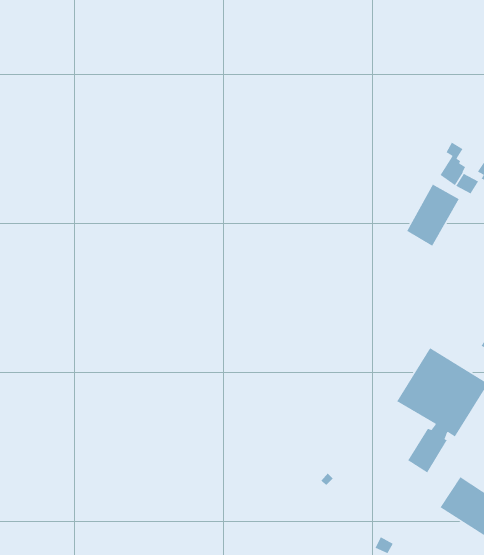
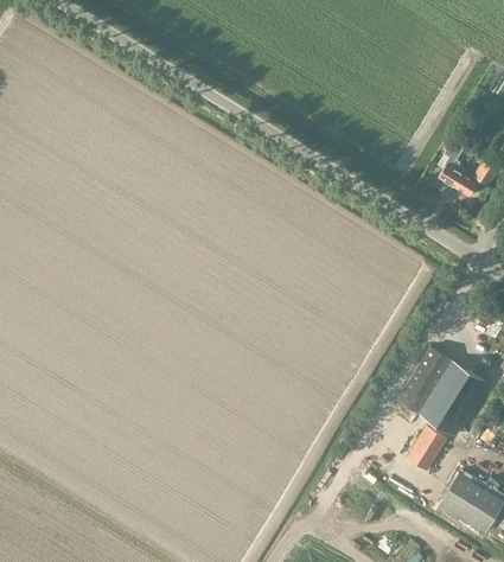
building: [406,184,460,247] -> none

